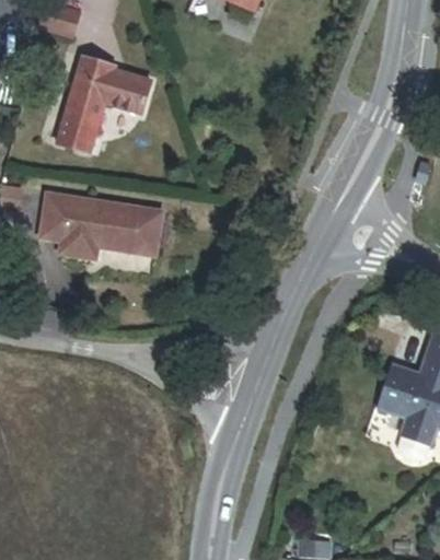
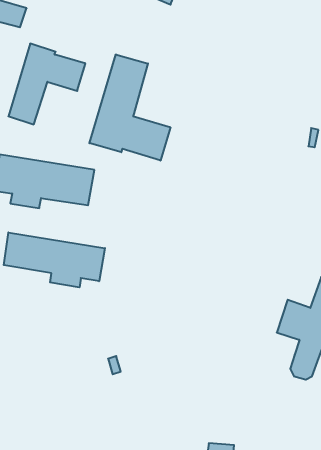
building: none -> [89,54,170,161]
building: none -> [4,232,105,287]

